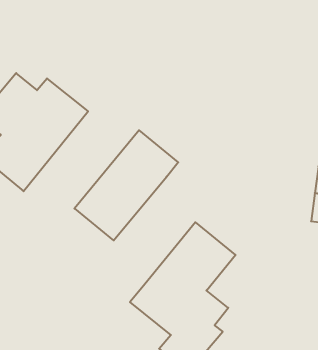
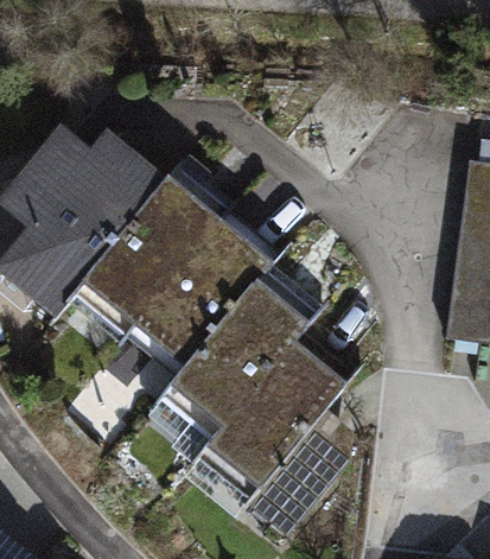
building: none -> [65,176,219,343]
building: none -> [171,279,307,424]

